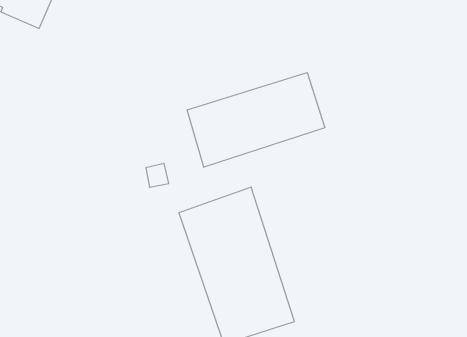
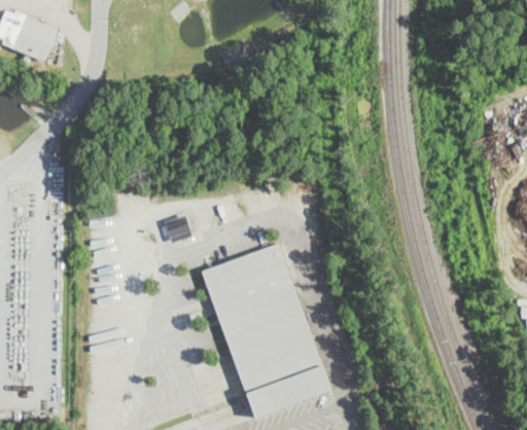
building: [187,73,325,167] -> none

